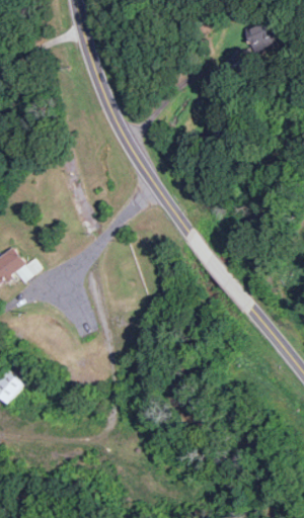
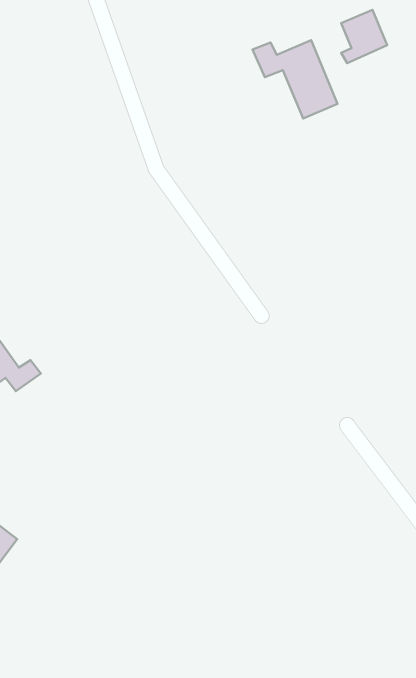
building: none -> [253,40,338,118]

